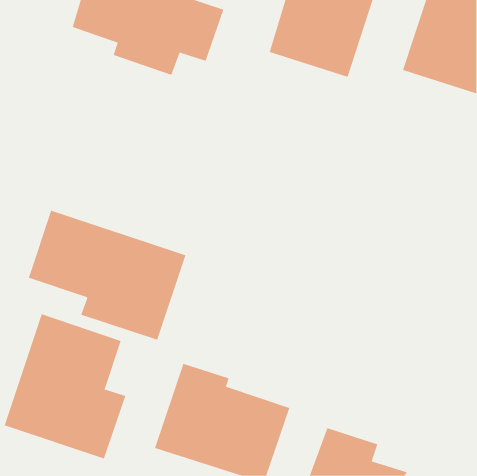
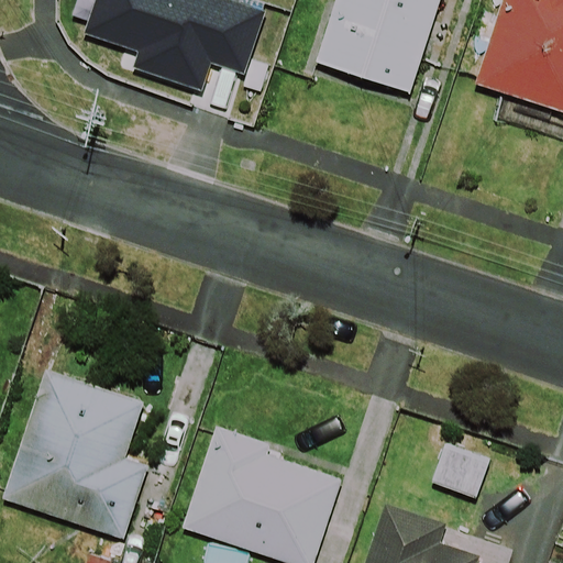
building: [28,210,186,340] -> none

